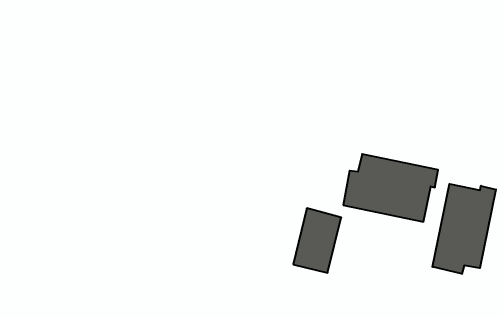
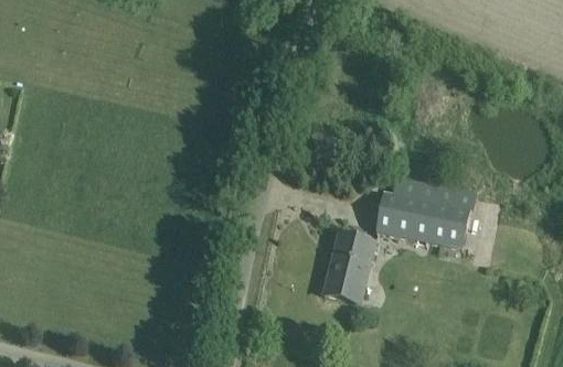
building: [432,184,496,274] -> none

